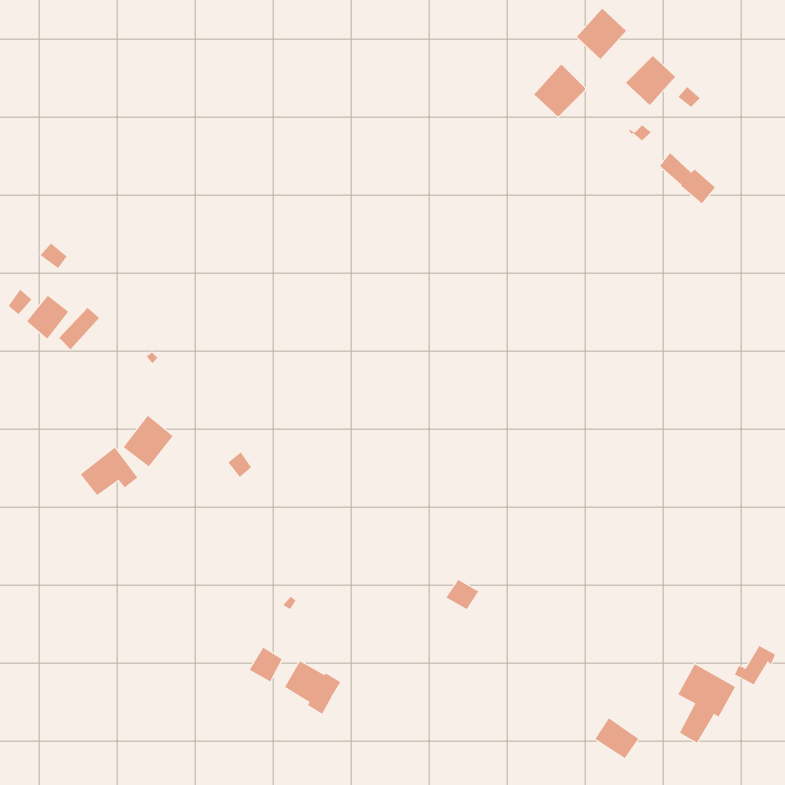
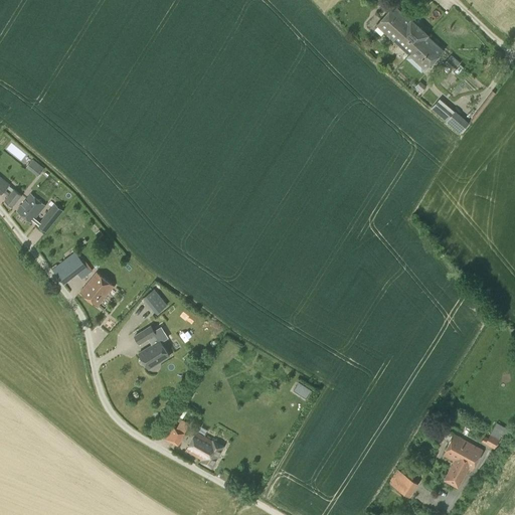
building: [534,64,586,117] -> [393,19,427,54]
building: [80,447,138,496] -> [52,251,91,284]
building: none -> [134,326,169,369]

